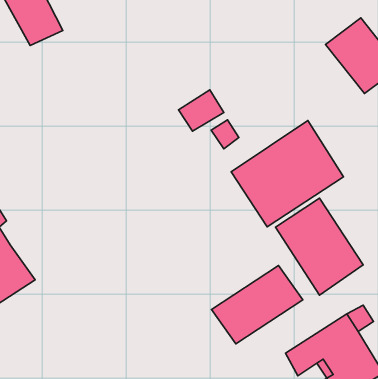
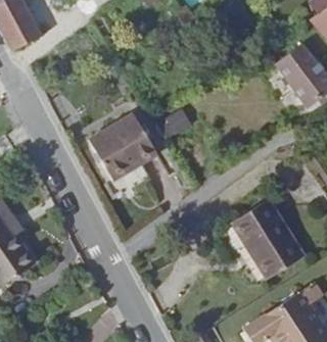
building: none -> [88,109,157,177]
building: [231,121,343,227] -> none
building: [212,265,303,344] -> none

